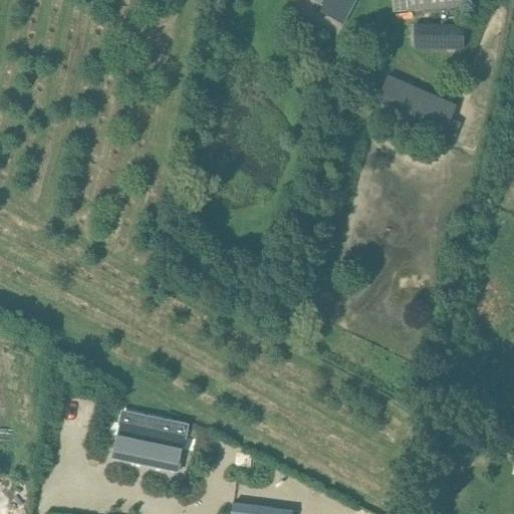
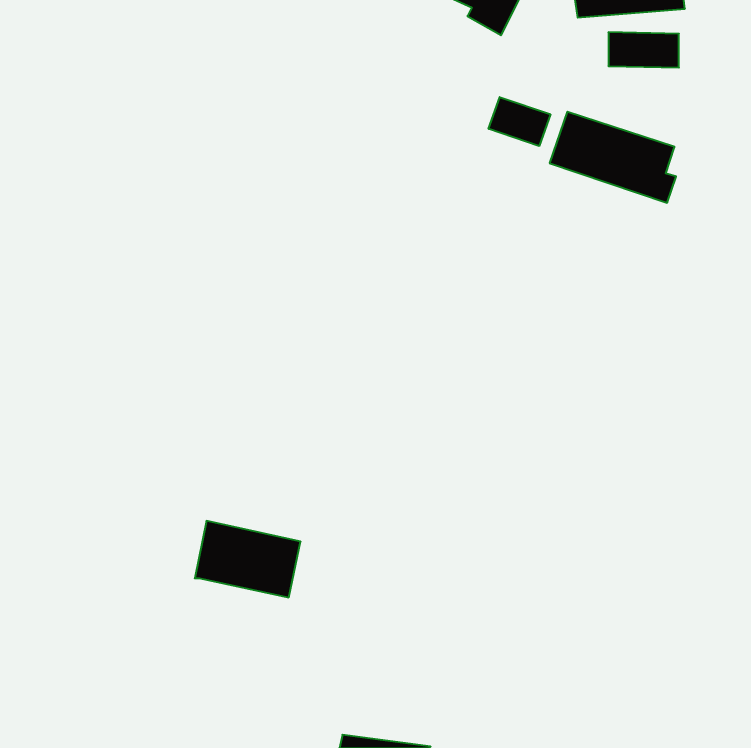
building: none -> [489,97,550,146]
building: [113,417,186,469] -> [195,521,301,597]

